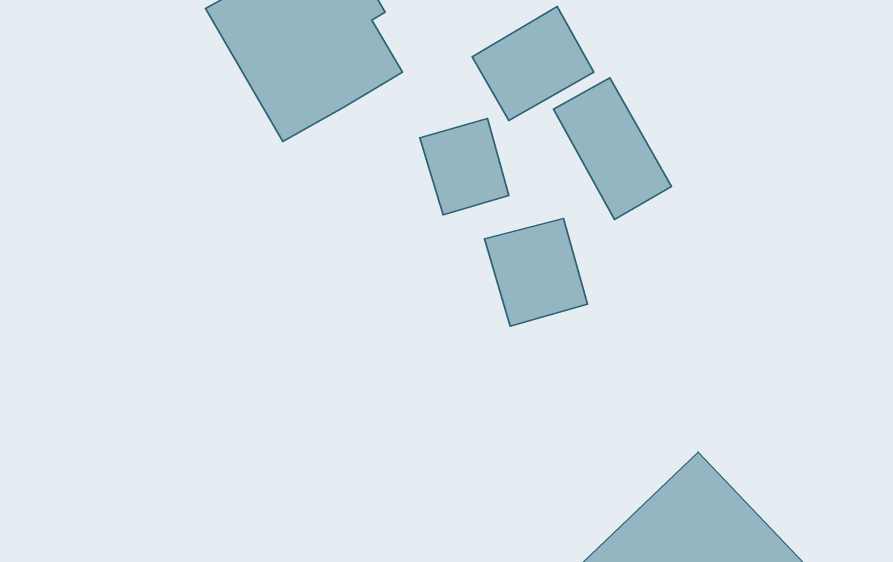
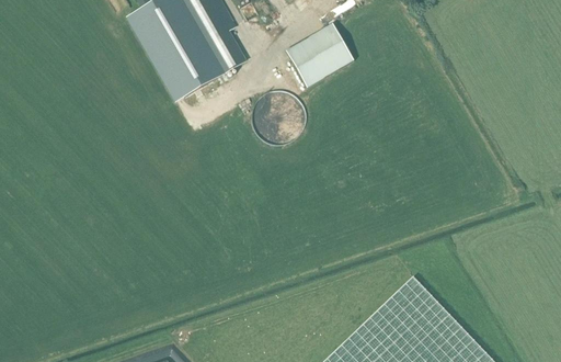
building: [553,78,671,220] -> none
building: [485,219,588,326] -> none

